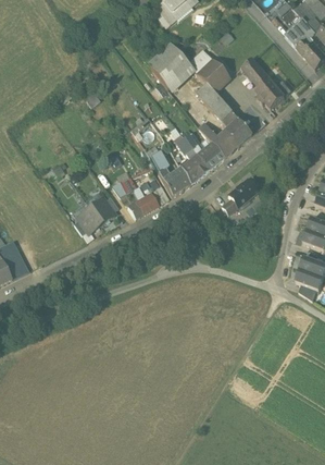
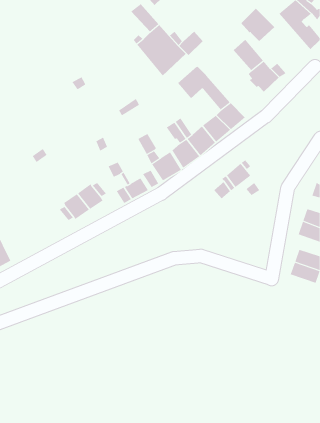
building: [197,60,230,93] -> [240,8,275,42]

